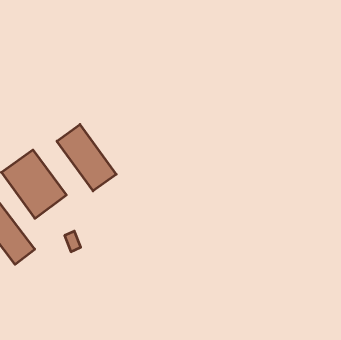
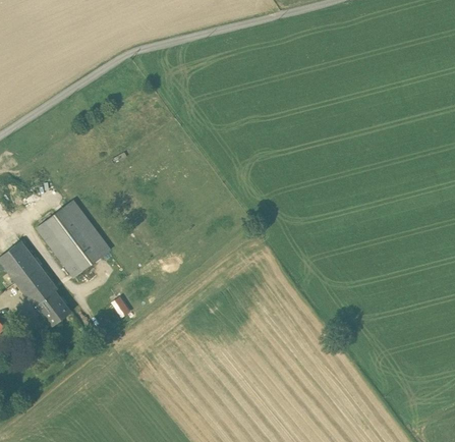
building: [57,124,116,191] -> none

